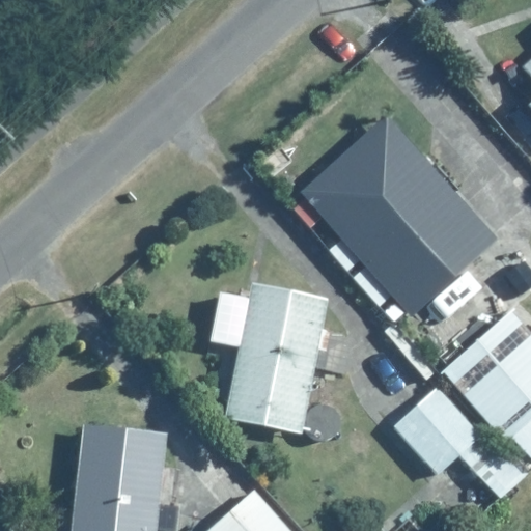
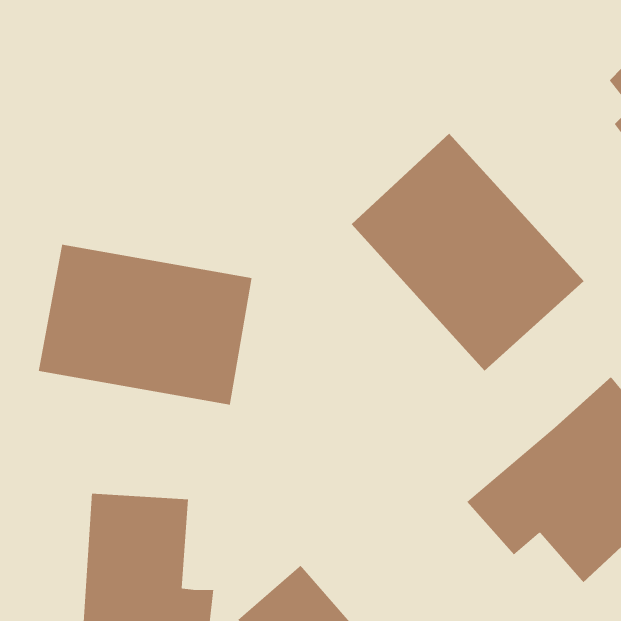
building: none -> [38,244,252,405]
building: [219,287,355,431] -> none

